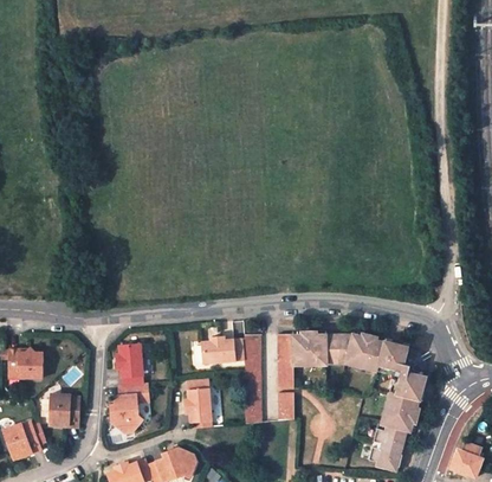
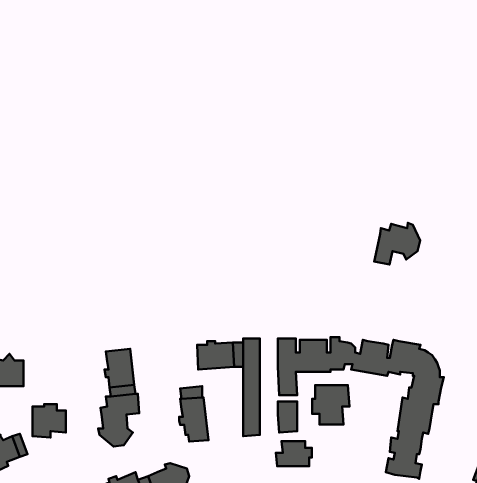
building: none -> [374,223,420,264]
building: none -> [312,385,349,424]
building: none -> [276,441,312,466]

